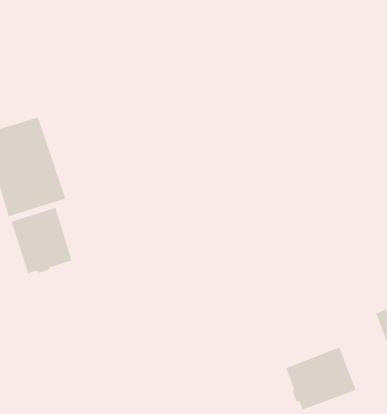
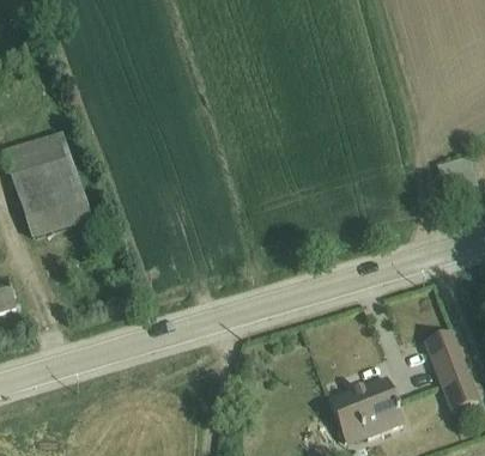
building: [11,207,72,274] -> none

